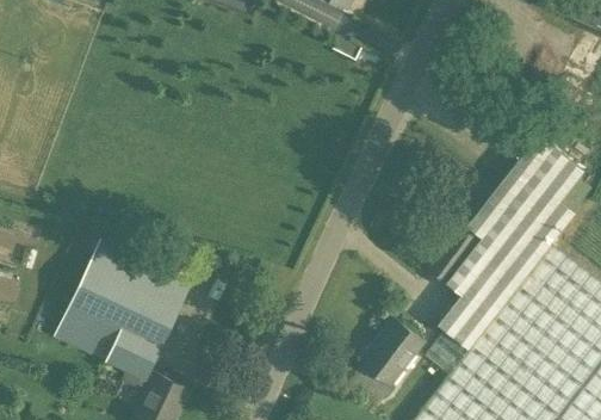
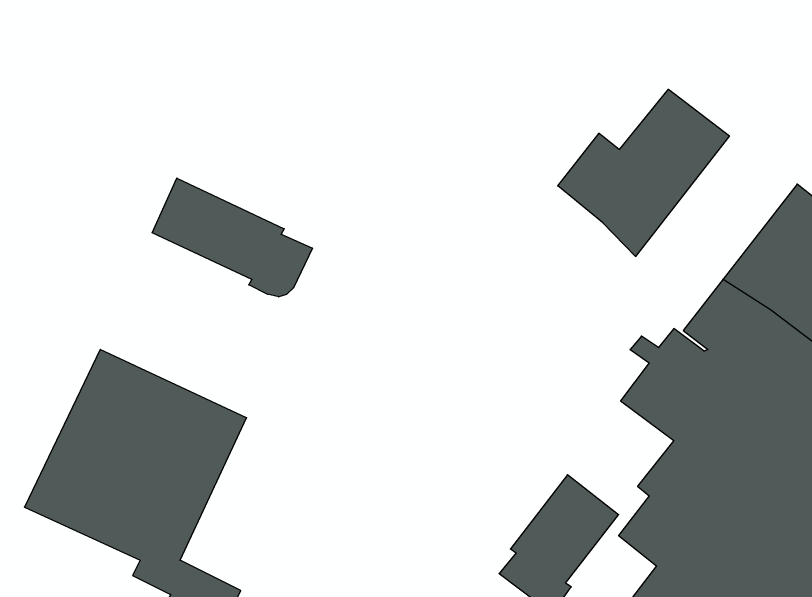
building: none -> [558,89,729,256]
building: none -> [152,178,312,297]

